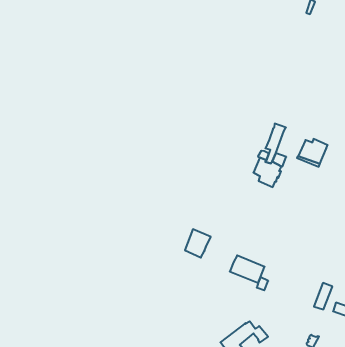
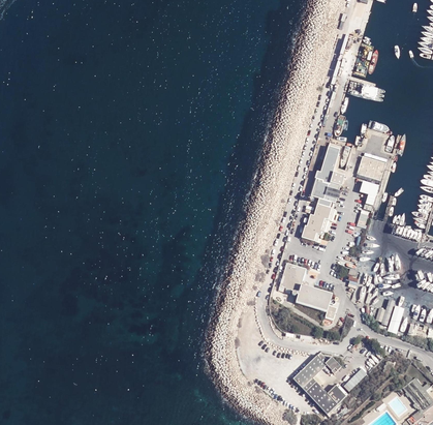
building: none -> [301,204,336,241]
building: [185,229,211,258] -> [281,263,307,292]

